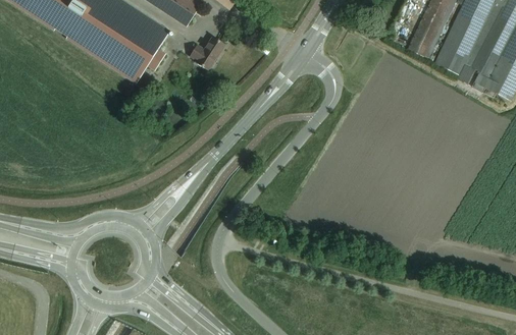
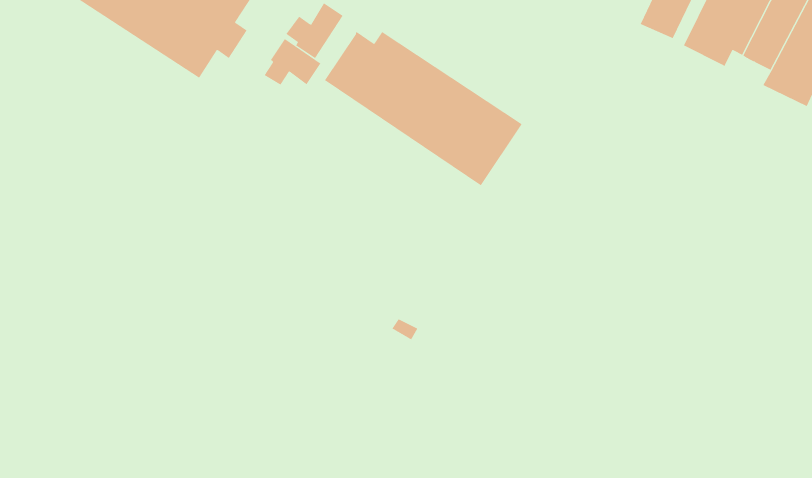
building: none -> [324,31,523,186]
building: none -> [264,38,321,86]

